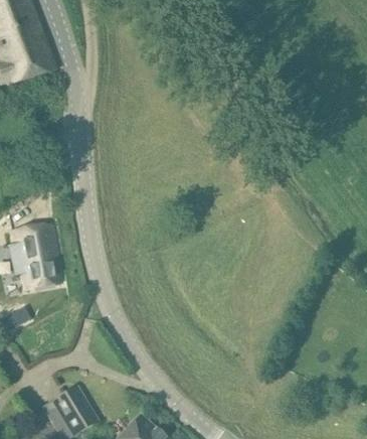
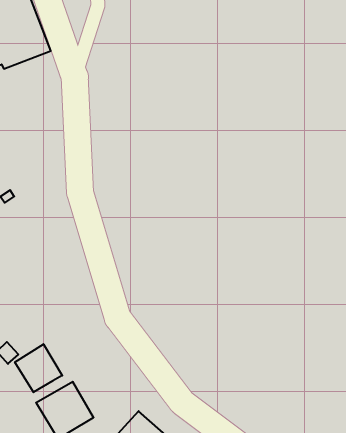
building: [16,224,61,287] -> none
building: none -> [15,344,62,392]

